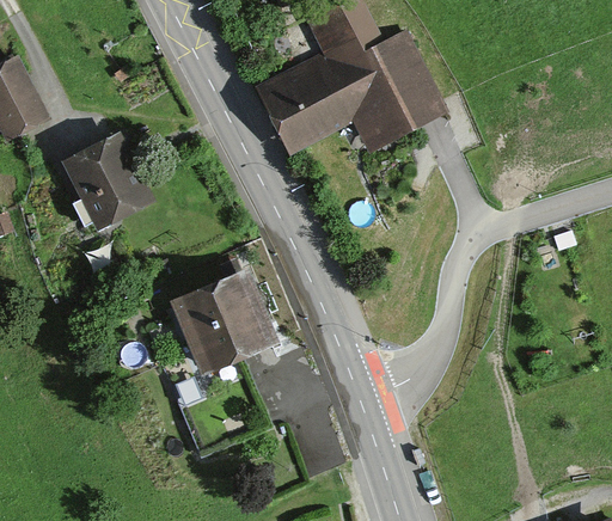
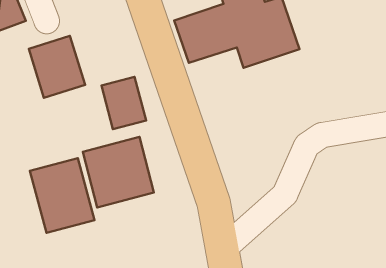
building: none -> [101,77,146,129]
building: none -> [30,158,94,233]

